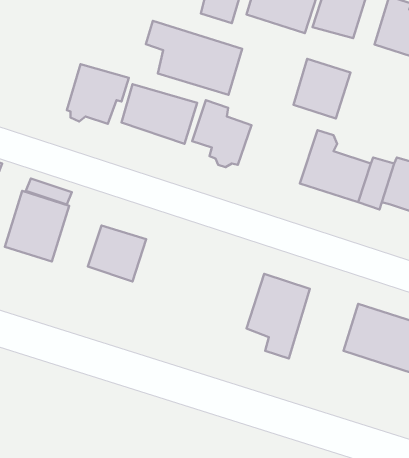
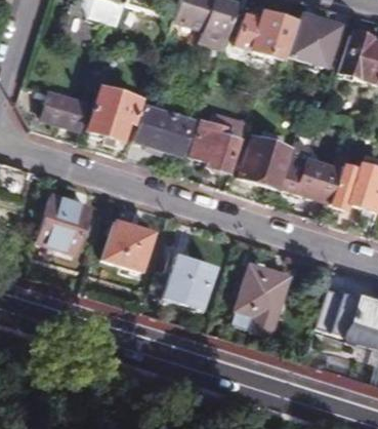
building: [146,21,242,95] -> none
building: [294,59,351,118] -> [243,138,290,187]
building: none -> [44,91,90,129]
building: none -> [158,252,215,306]

